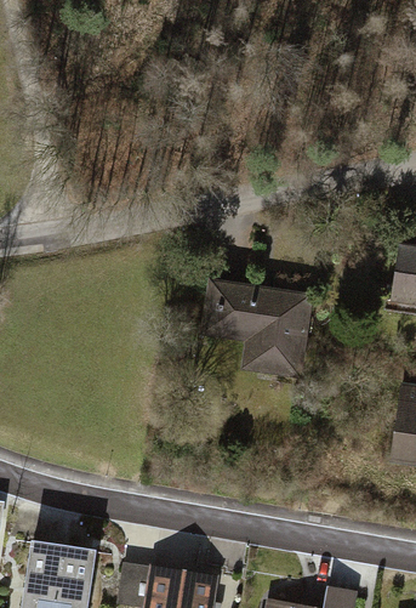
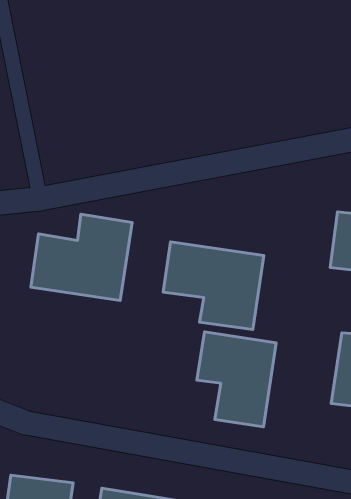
building: none -> [31,214,132,300]
building: none -> [197,332,276,427]

